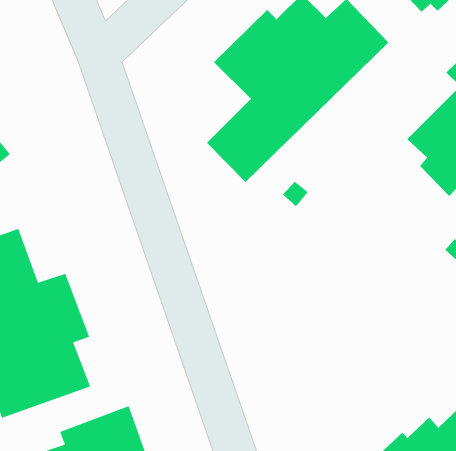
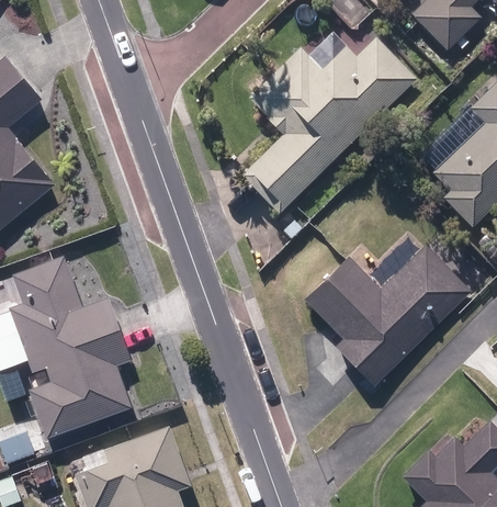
building: none -> [303,246,471,386]

